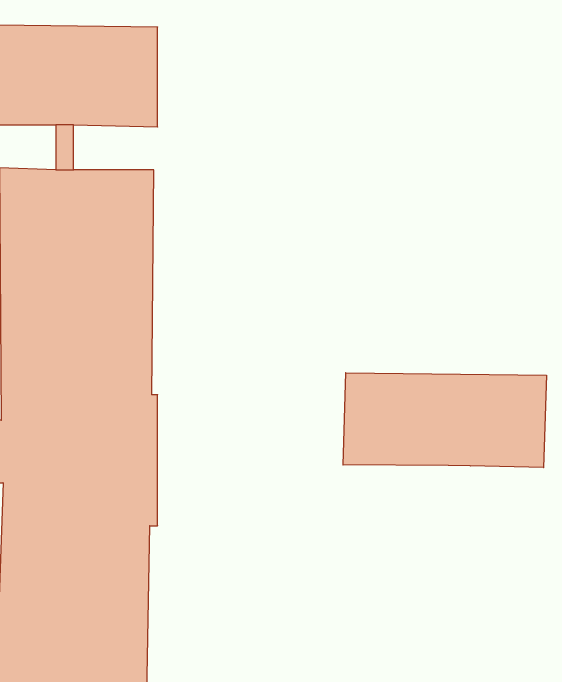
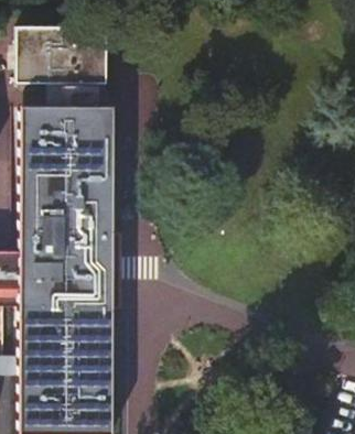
building: [343,373,546,468] -> none

